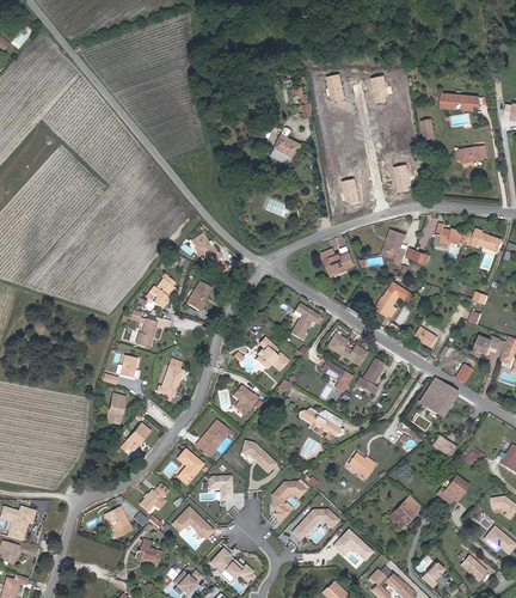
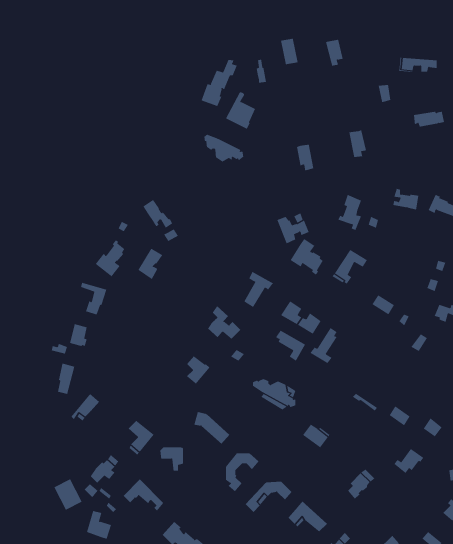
building: none -> [201,59,238,107]
building: none -> [204,134,244,162]
building: none -> [290,238,324,275]
building: [156,359,188,396] -> none
building: [419,379,455,416] -> none
building: [196,421,229,457] -> none

